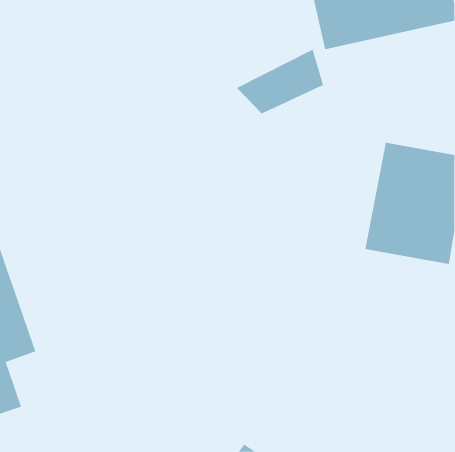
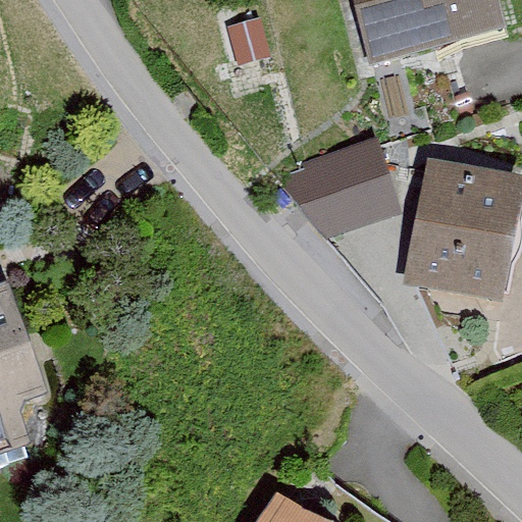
building: [236,49,324,114] -> [291,150,389,223]

